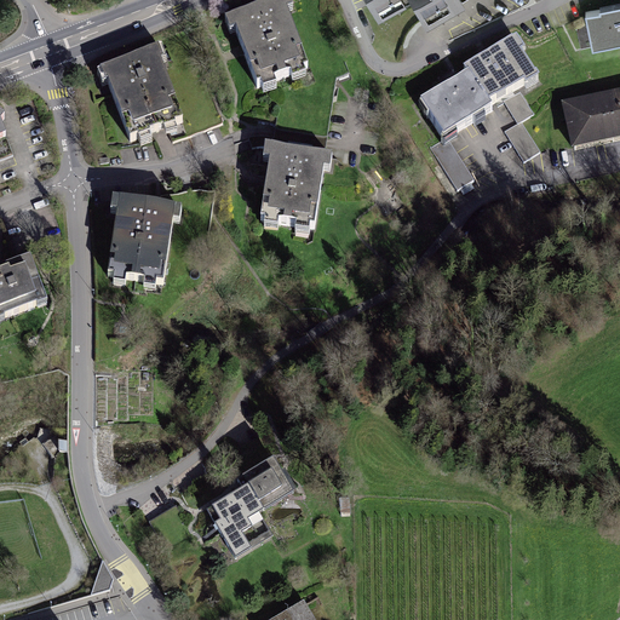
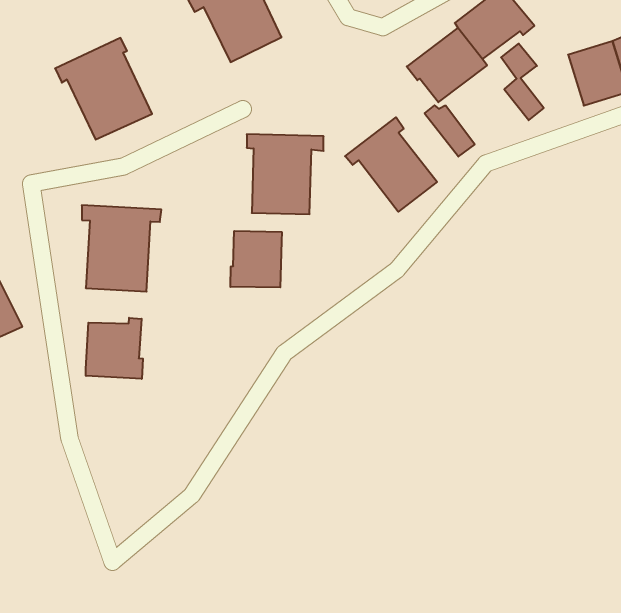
building: none -> [345,117,437,212]
building: none -> [230,231,282,287]
building: none -> [86,318,143,379]
building: [206,450,293,549] -> none

